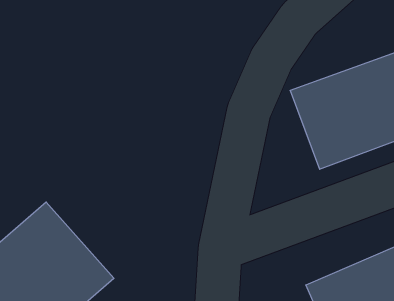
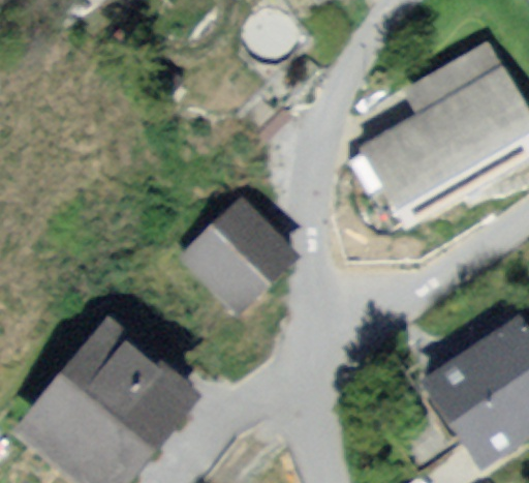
building: none -> [182,193,300,311]

